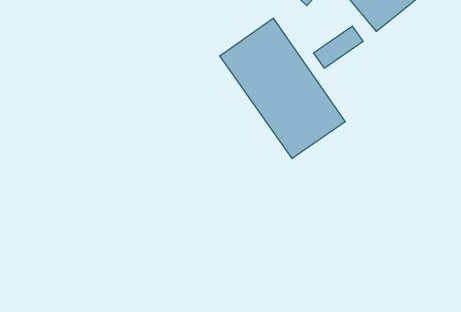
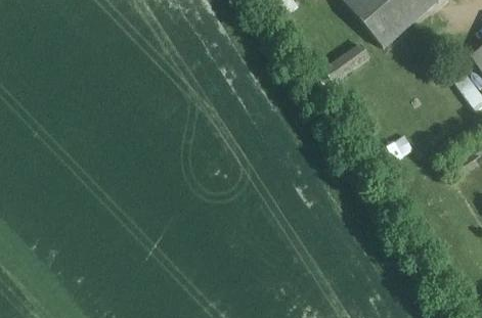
building: [220,18,345,159] -> none

